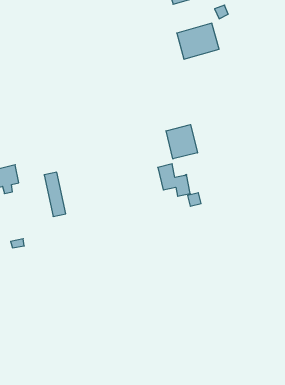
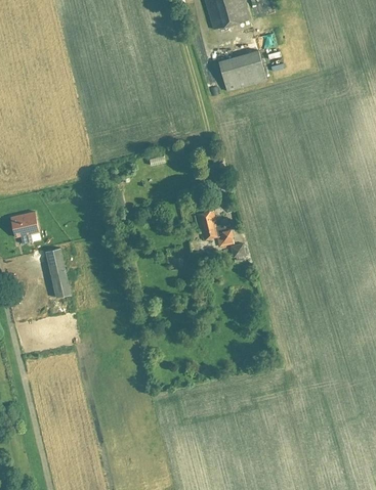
building: [166,125,197,159] -> none
building: [44,172,66,216] -> [45,247,70,297]

